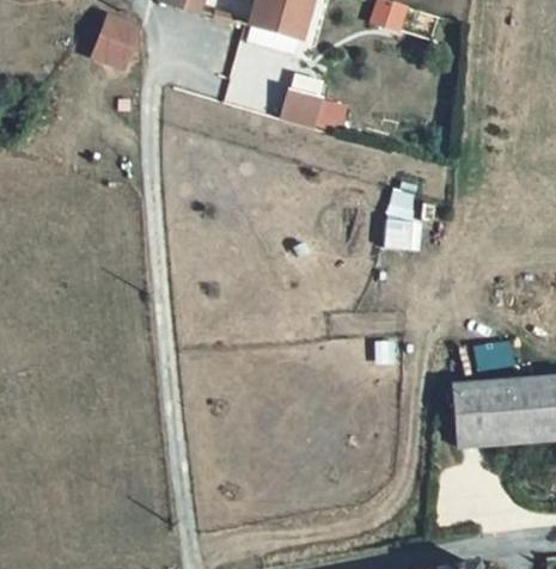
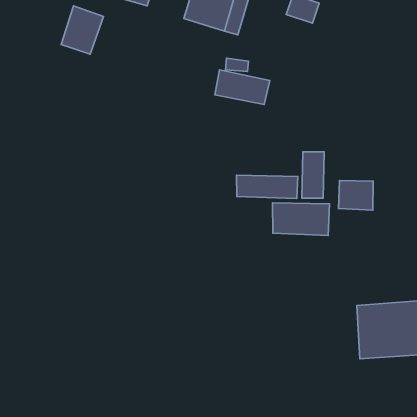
building: none -> [237,175,298,198]
building: none -> [339,181,373,210]
building: none -> [273,203,329,235]

